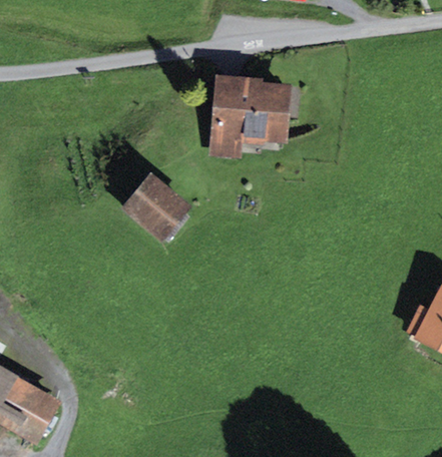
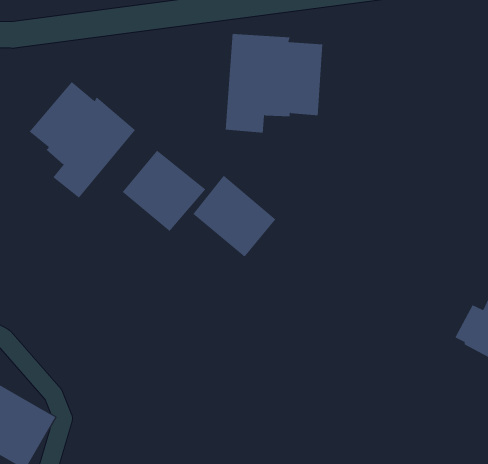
building: none -> [29,81,136,199]
building: none -> [192,175,276,258]

